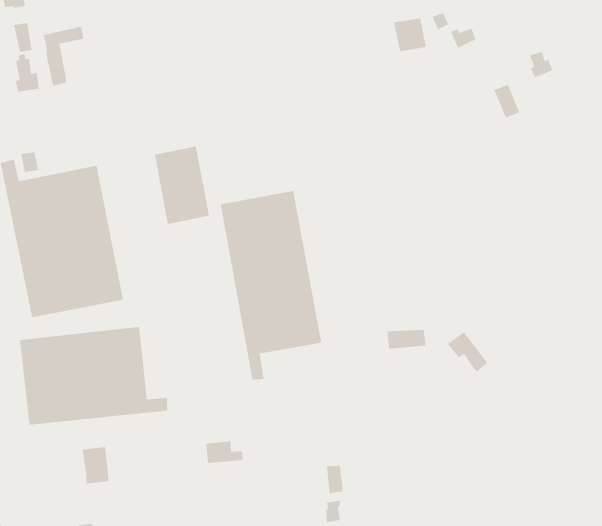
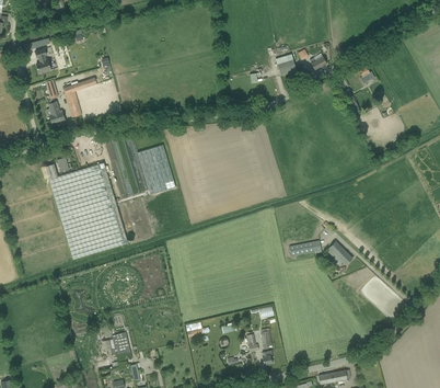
building: [220,190,322,381] -> none
building: [20,326,168,425] -> none

